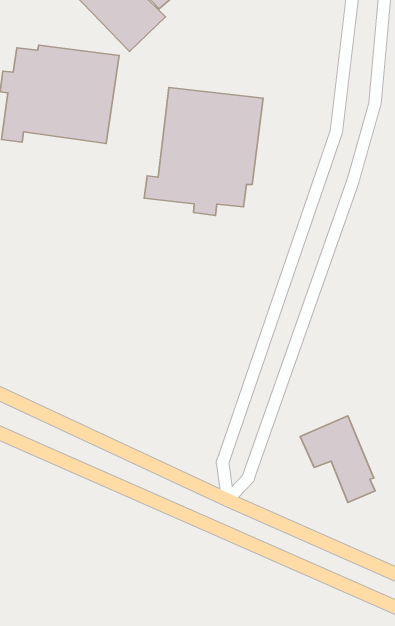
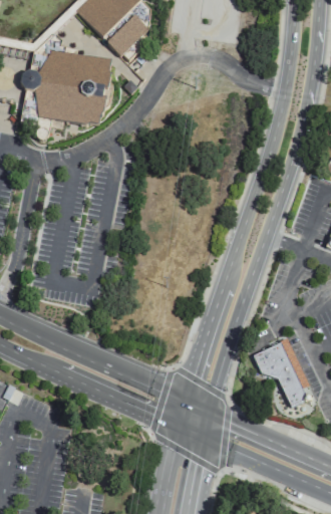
building: [144,88,263,215] -> none

